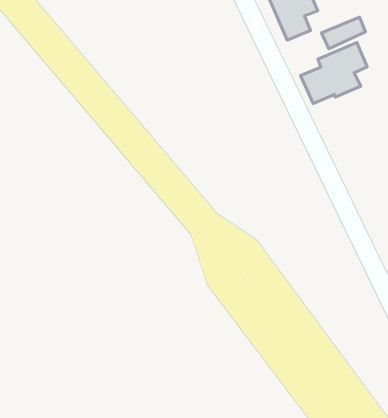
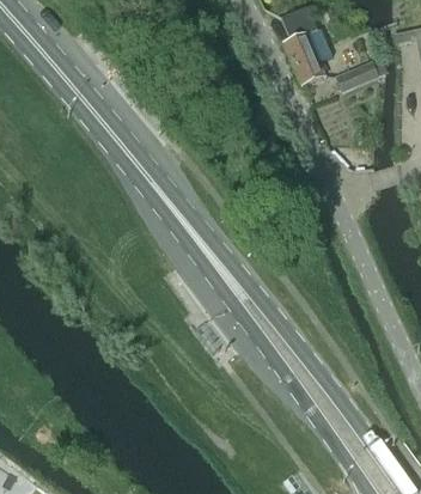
building: [301,43,367,103] -> none

